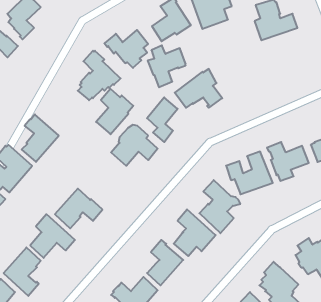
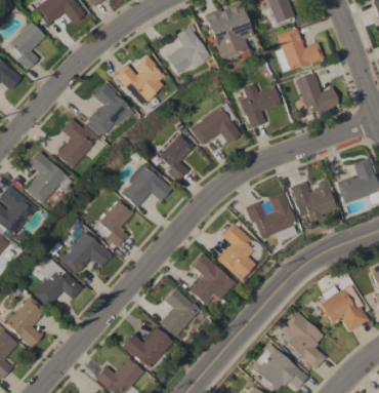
building: none -> [297,74,339,117]
building: [148,45,186,87] -> [240,83,281,128]
building: [96,89,133,134] -> [56,118,96,167]
building: none -> [96,200,134,248]

